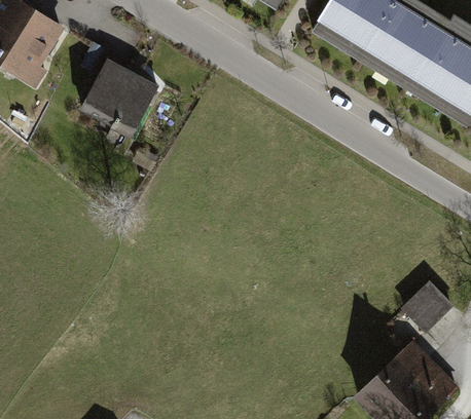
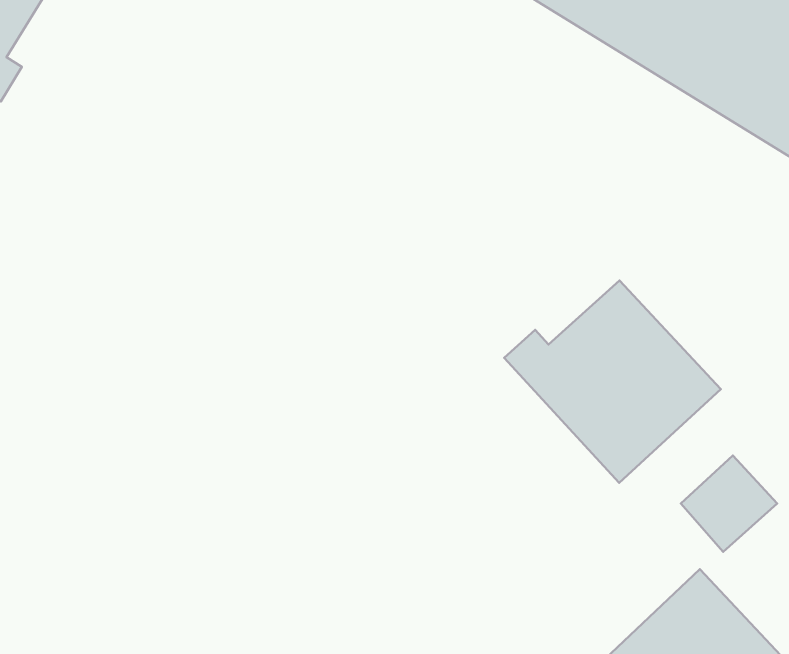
building: [82,59,162,138] -> none
building: none -> [504,281,721,483]

